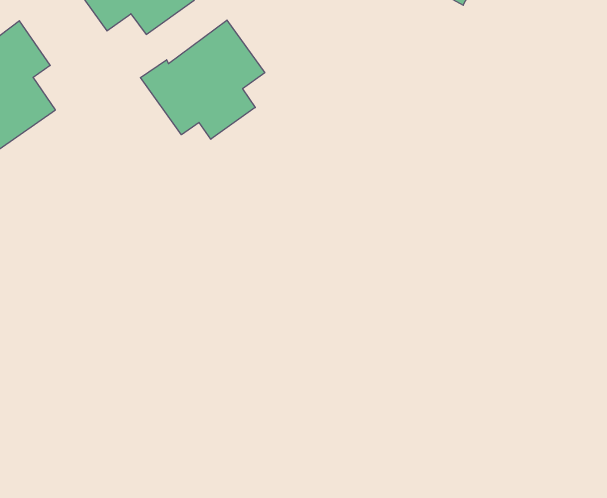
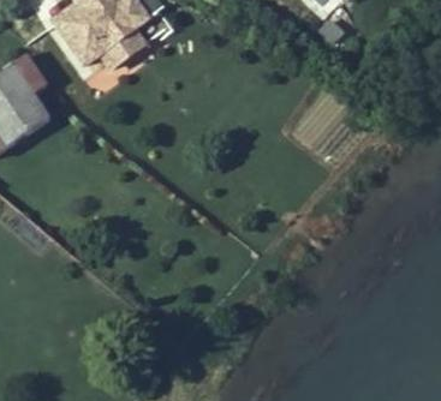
building: [140,20,265,139] -> none

